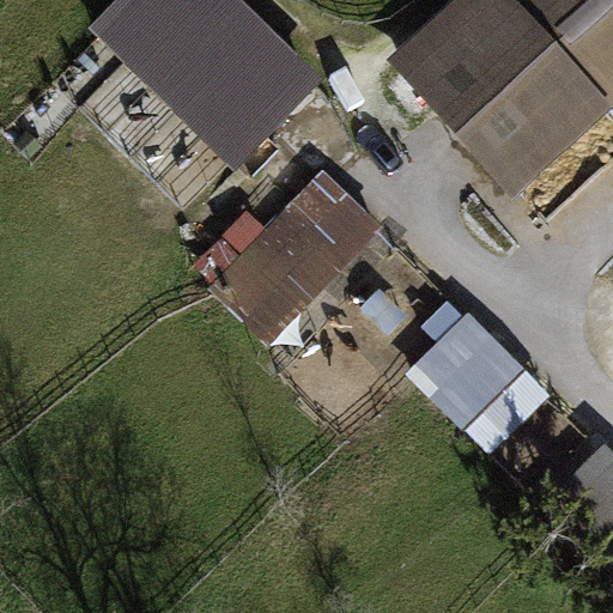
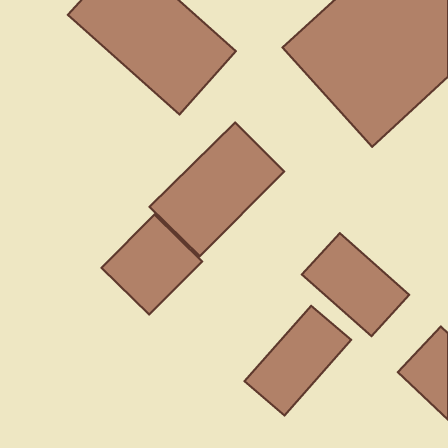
building: none -> [101,215,202,315]
building: none -> [244,306,351,415]

